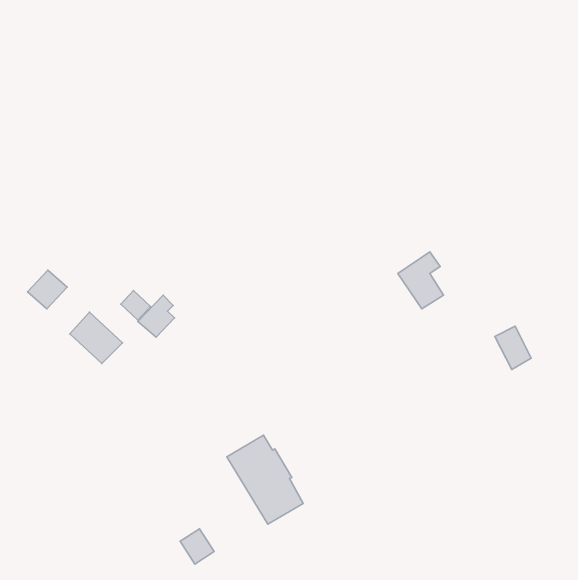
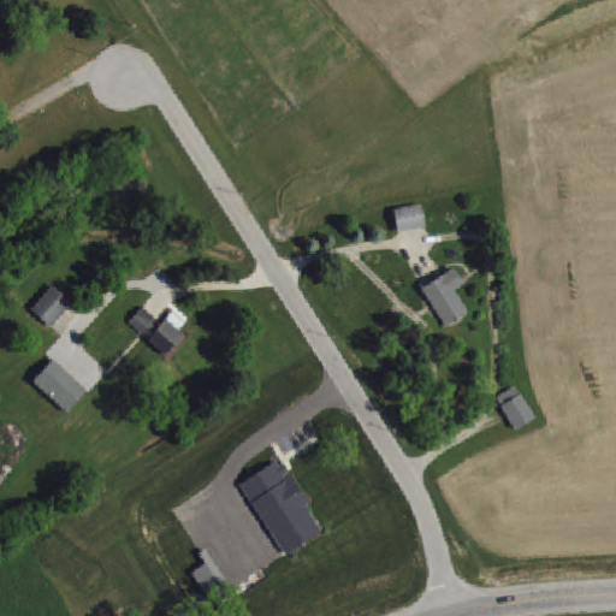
building: none -> [393,205,424,231]
building: [70,312,122,363] -> [31,359,87,413]
building: [495,326,531,369] -> [494,385,533,431]

